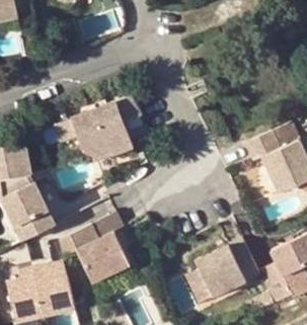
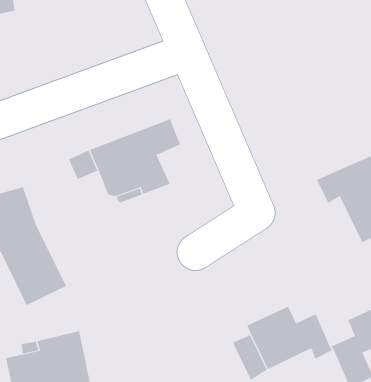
building: [59,211,130,279] -> none

